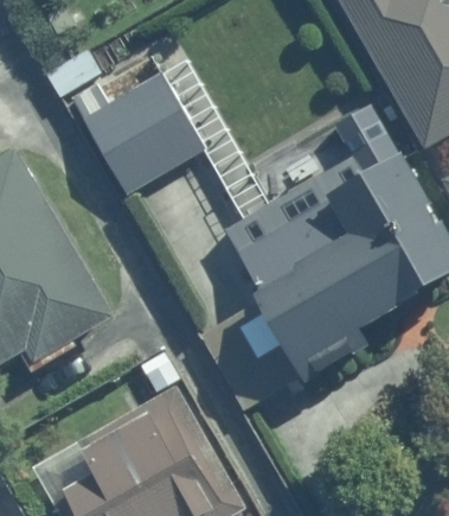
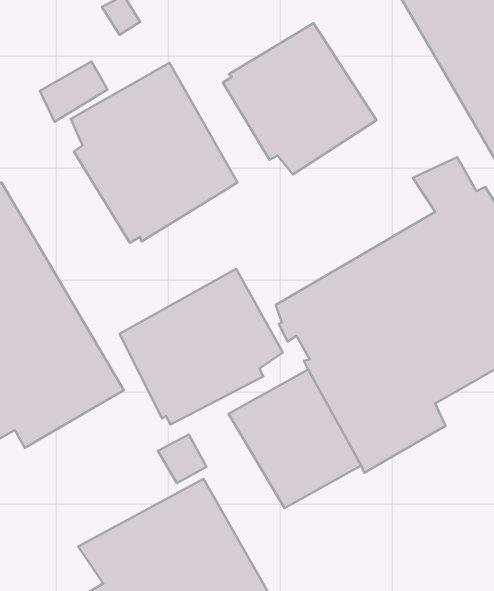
building: none -> [223,23,376,174]
building: none -> [119,269,283,425]

